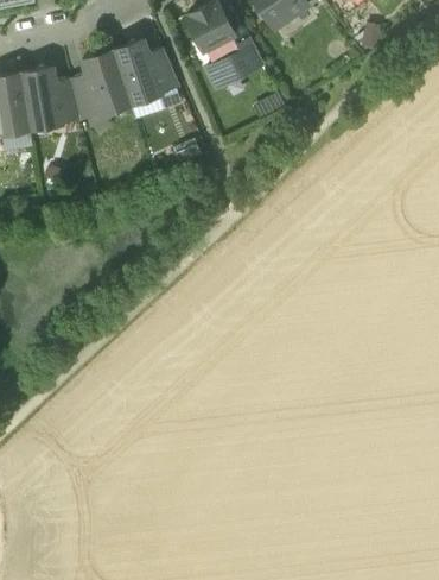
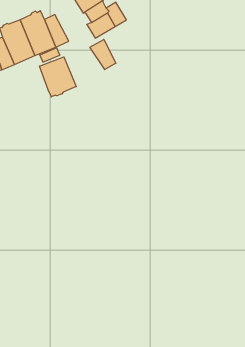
building: none -> [90,39,116,70]
building: none -> [40,57,76,97]

